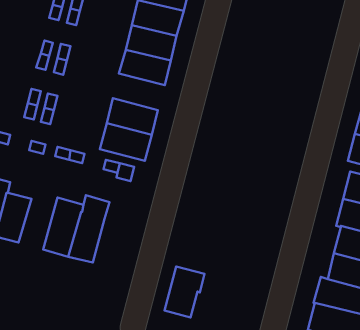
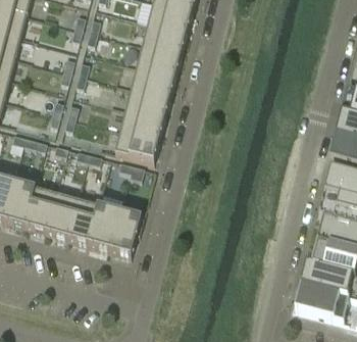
building: none -> [125,87,170,118]
building: none -> [44,195,75,239]
building: [164,267,205,317] -> [108,212,143,256]

